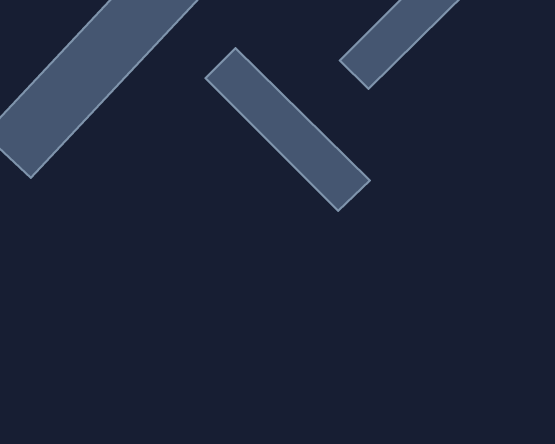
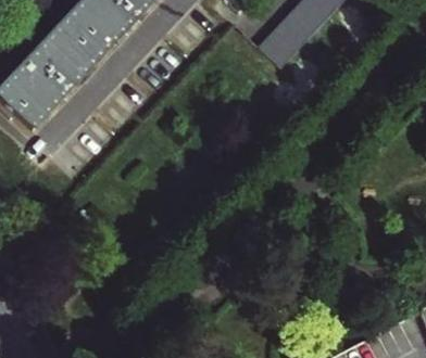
building: [205,48,370,211] -> none

